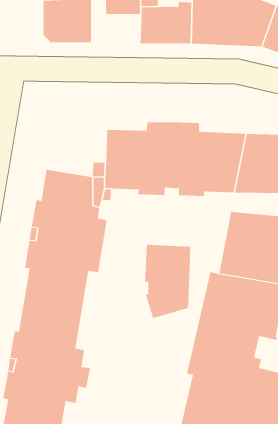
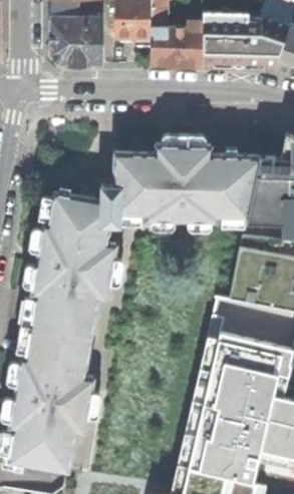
building: [144,244,191,319] -> none

